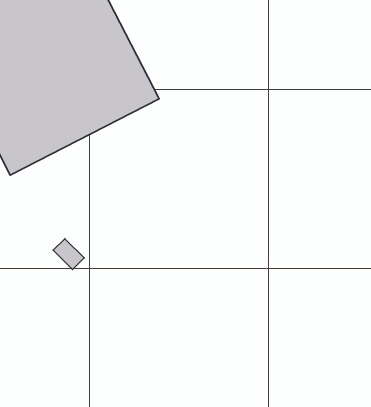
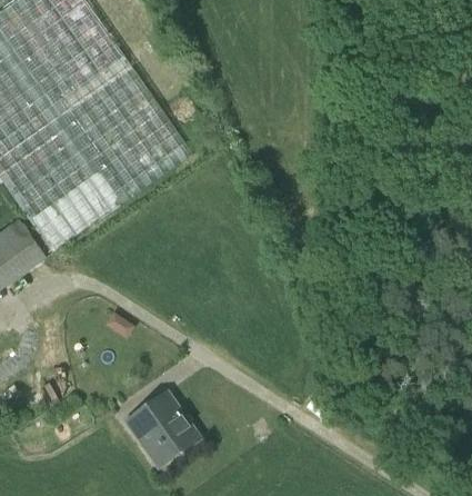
building: none -> [123,389,199,466]

